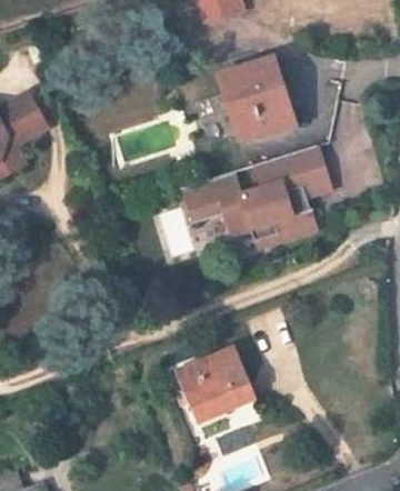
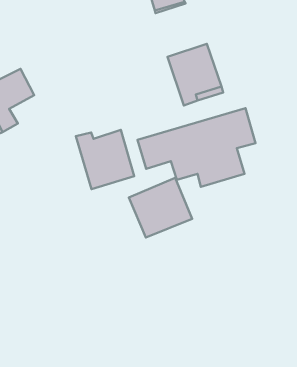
building: none -> [76,130,134,189]
building: [174,348,257,425] -> [129,178,192,238]

